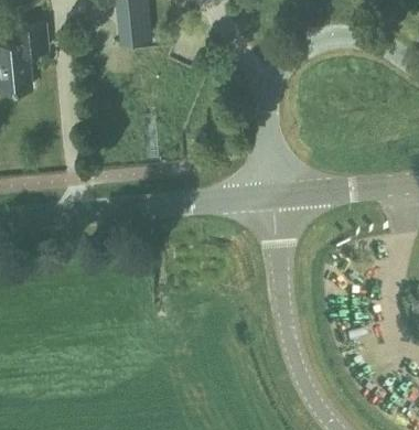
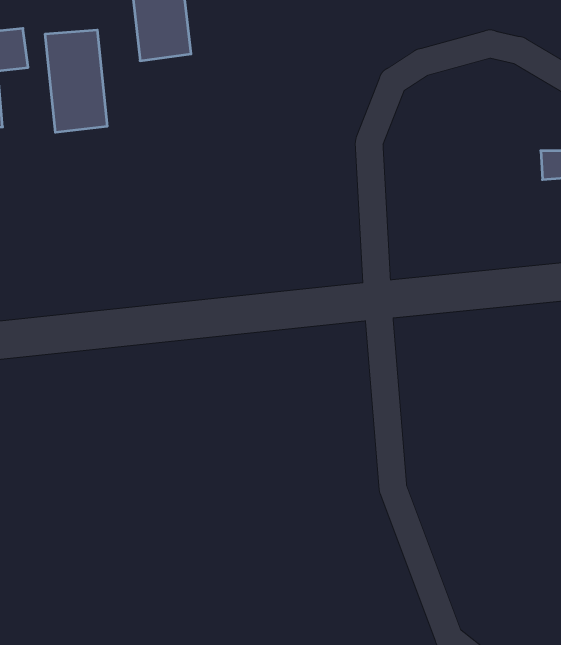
building: none -> [45,30,107,132]

